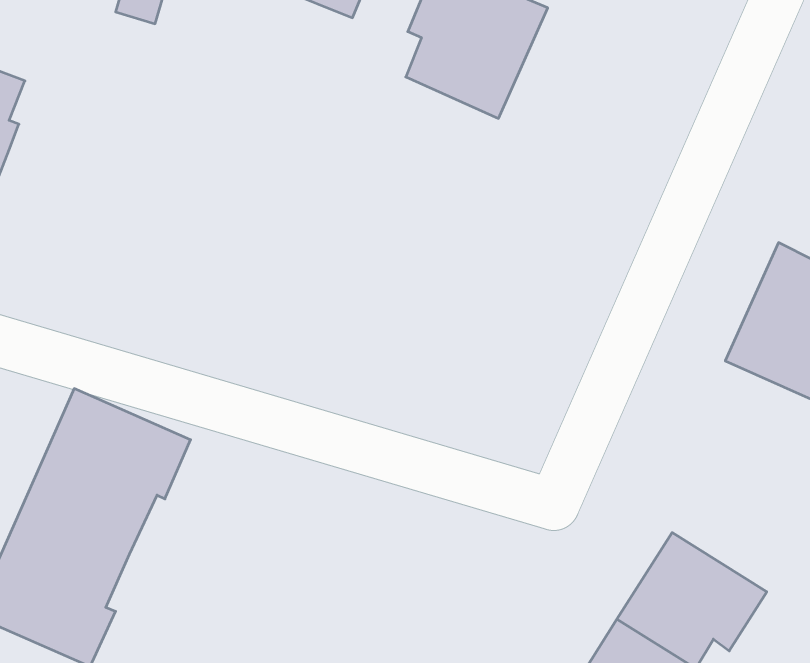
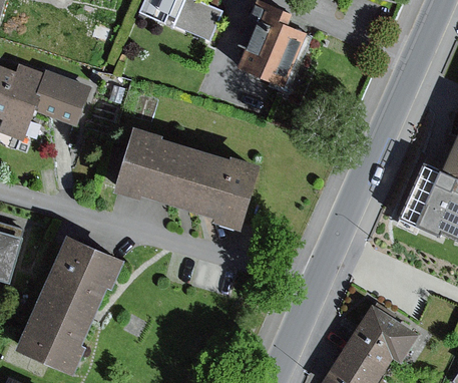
building: none -> [34,70,90,126]
building: none -> [116,125,263,228]

